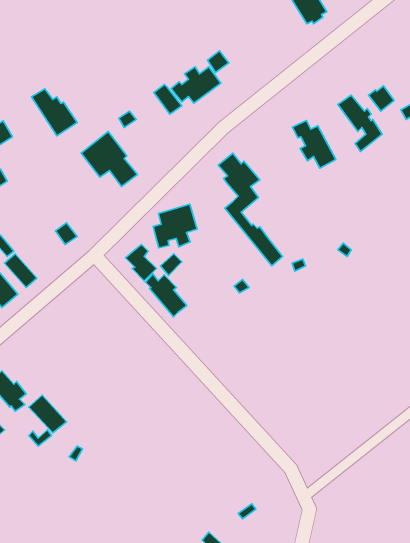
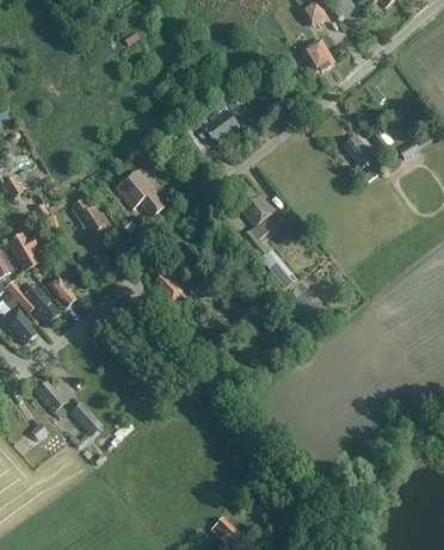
building: [31,89,77,136] -> [72,199,112,241]
building: [293,121,336,168] -> none
building: [153,204,197,248] -> none
building: [145,274,187,317] -> none

